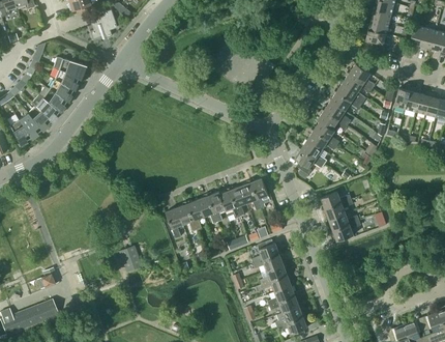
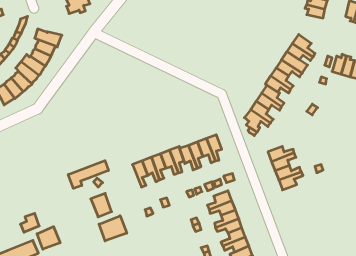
building: none -> [68,161,108,188]
building: none -> [99,216,127,241]
building: none -> [37,227,60,249]

